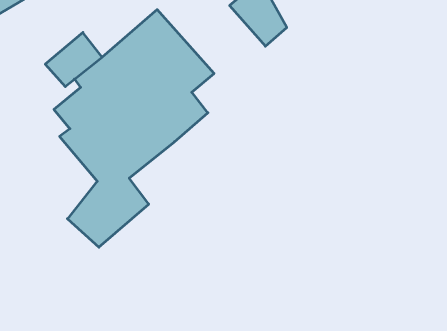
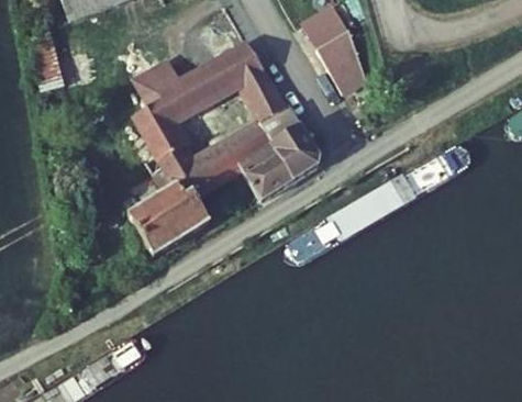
building: none -> [240,107,314,197]

